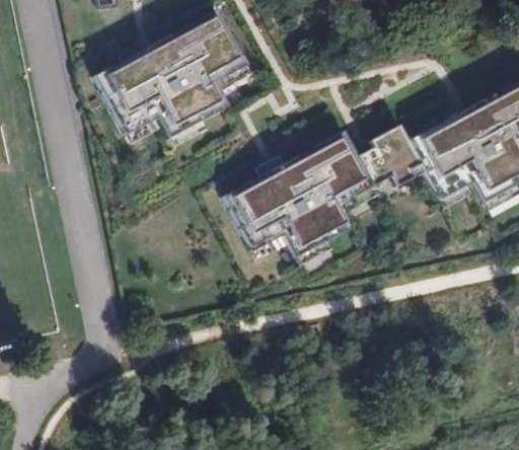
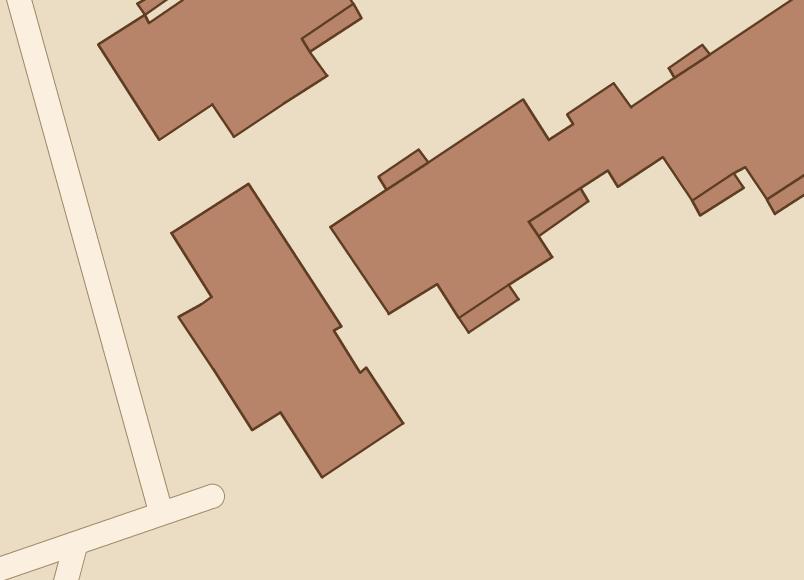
building: none -> [171,184,403,477]

